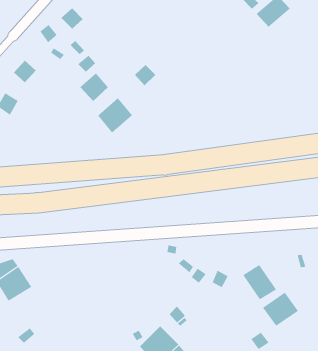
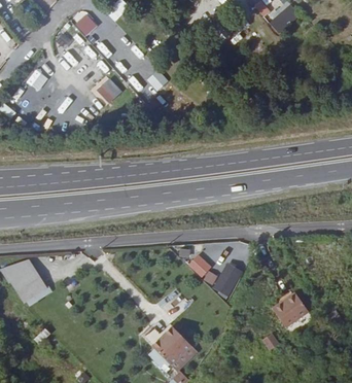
building: [97,97,133,133] -> none
building: [242,264,277,300] -> none

